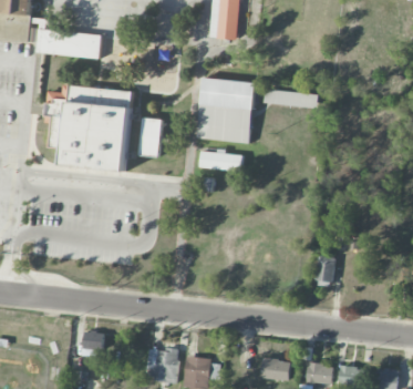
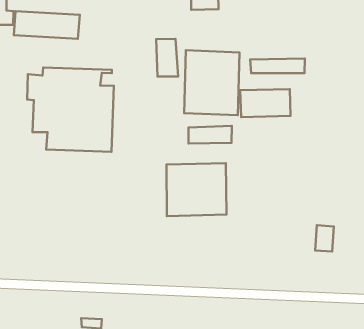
building: [141,119,161,156] -> [156,39,178,77]
building: none -> [240,89,291,117]
building: none -> [166,163,227,216]

